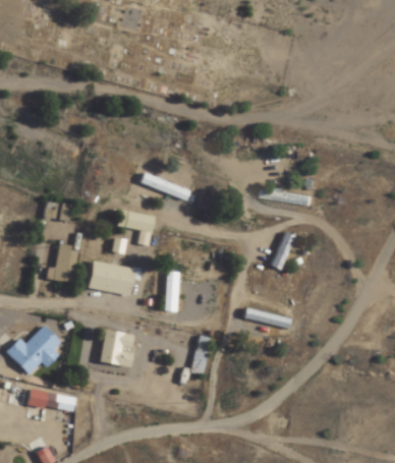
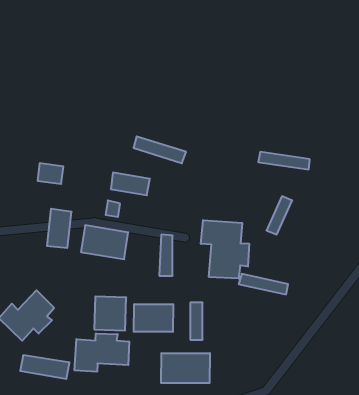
building: none -> [201,220,249,279]
building: none -> [134,304,173,332]
building: none -> [75,333,129,372]
building: none -> [161,353,210,383]

